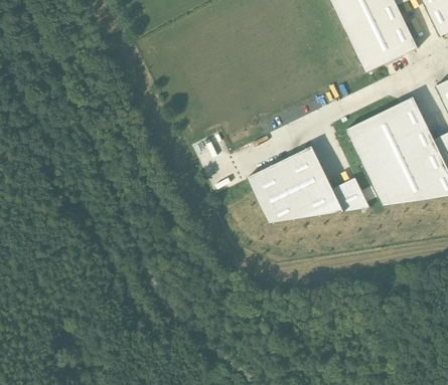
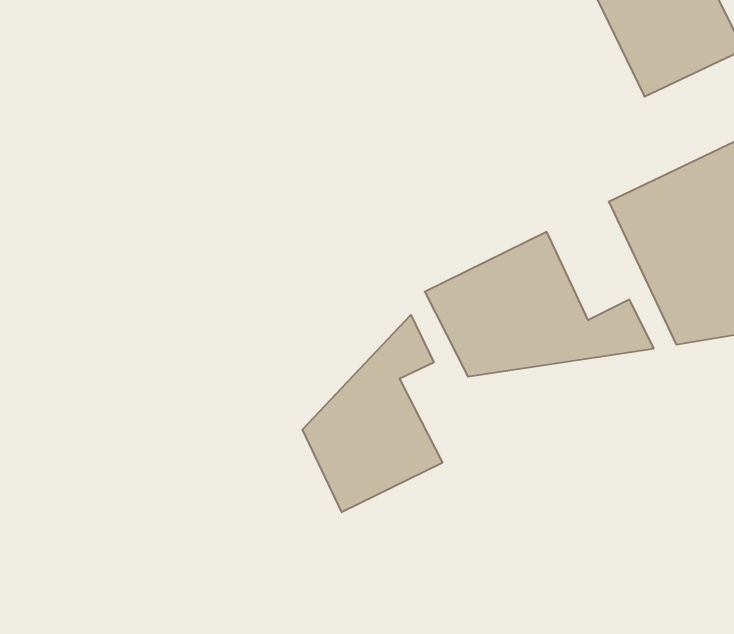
building: none -> [302,315,442,512]

